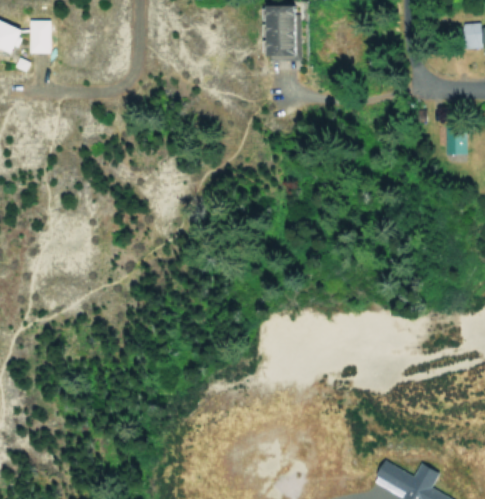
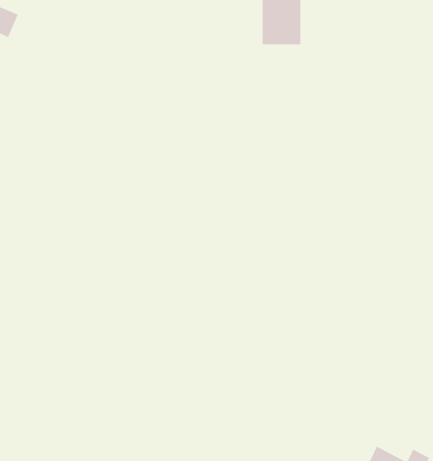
building: [29,21,51,54] -> none

